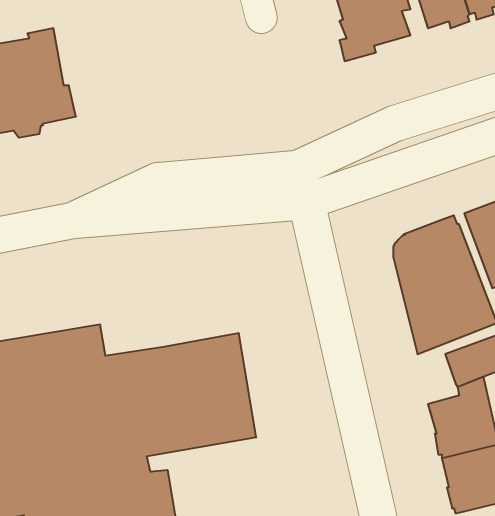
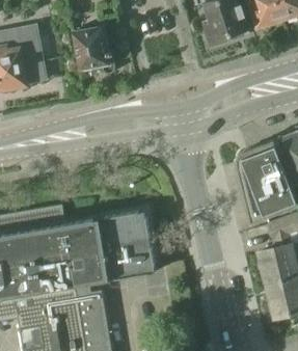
building: none -> [73,26,115,72]

